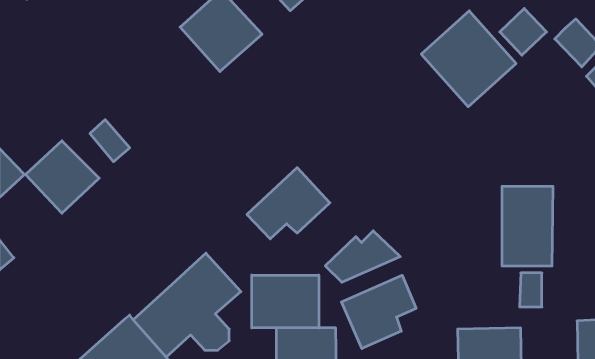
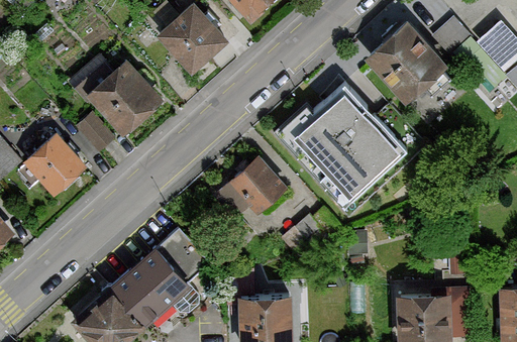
building: none -> [67,53,163,136]
building: none -> [277,84,407,207]
building: [502,186,553,266] -> none
building: [252,275,319,328] -> none
building: [341,275,416,349] -> none

